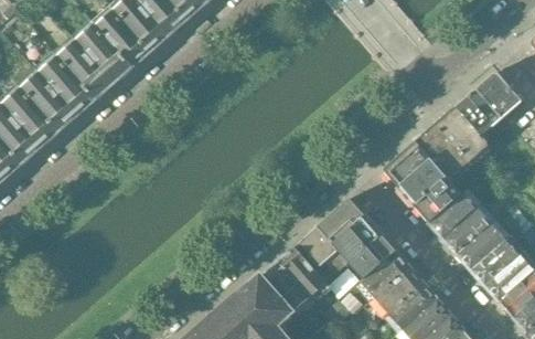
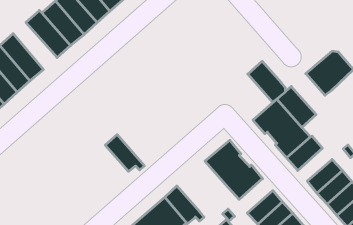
building: [52,35,113,100] -> none
building: [436,106,488,162] -> [248,61,285,102]
building: [445,209,492,254] -> none
building: [300,226,349,273] -> none
building: [278,246,332,297] -> [105,135,144,171]
building: [361,251,410,298] -> none

